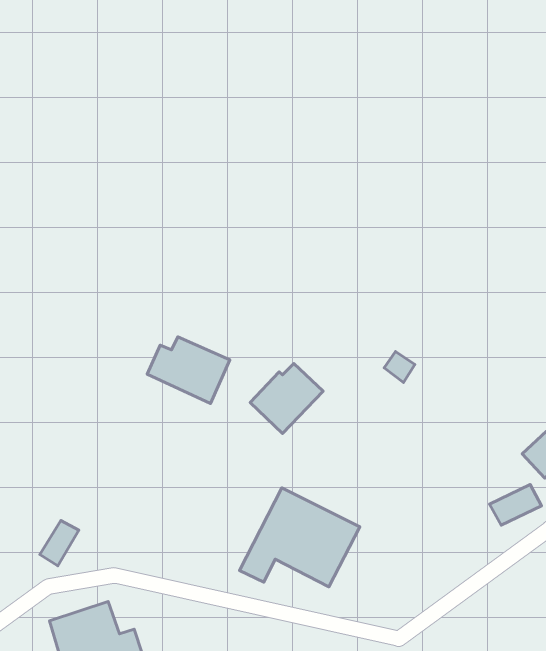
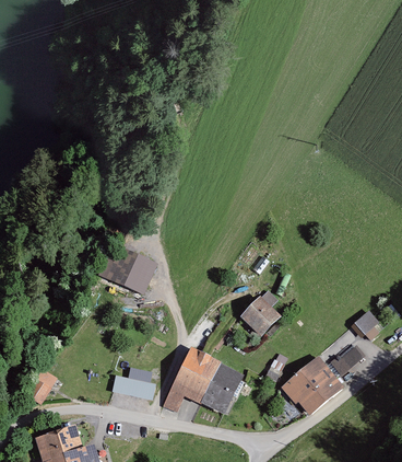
building: [250,364,323,433] -> [234,293,283,340]
building: none -> [276,358,339,418]
building: none -> [113,368,153,399]

